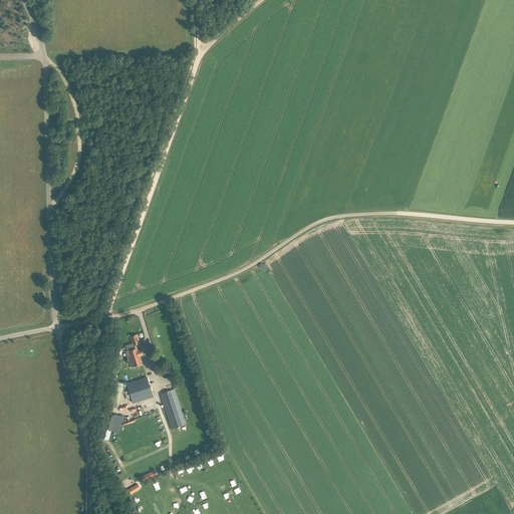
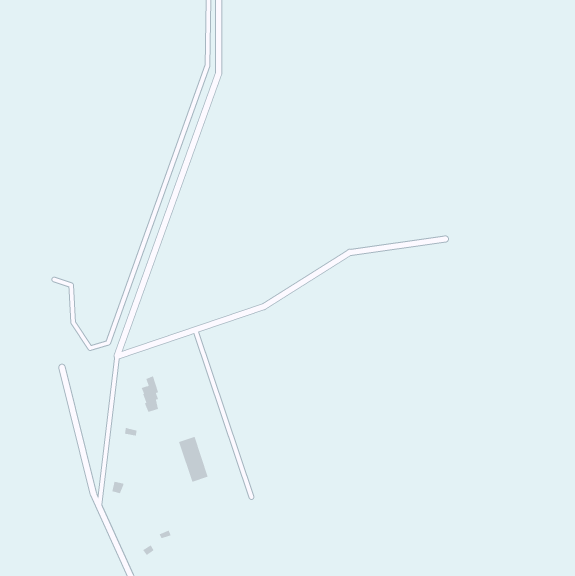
building: [125,376,153,403] -> none

